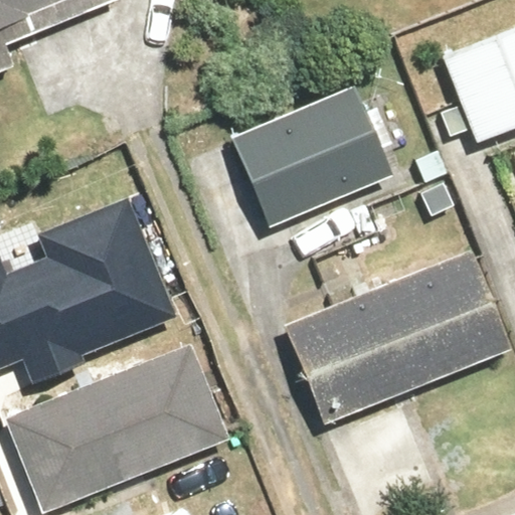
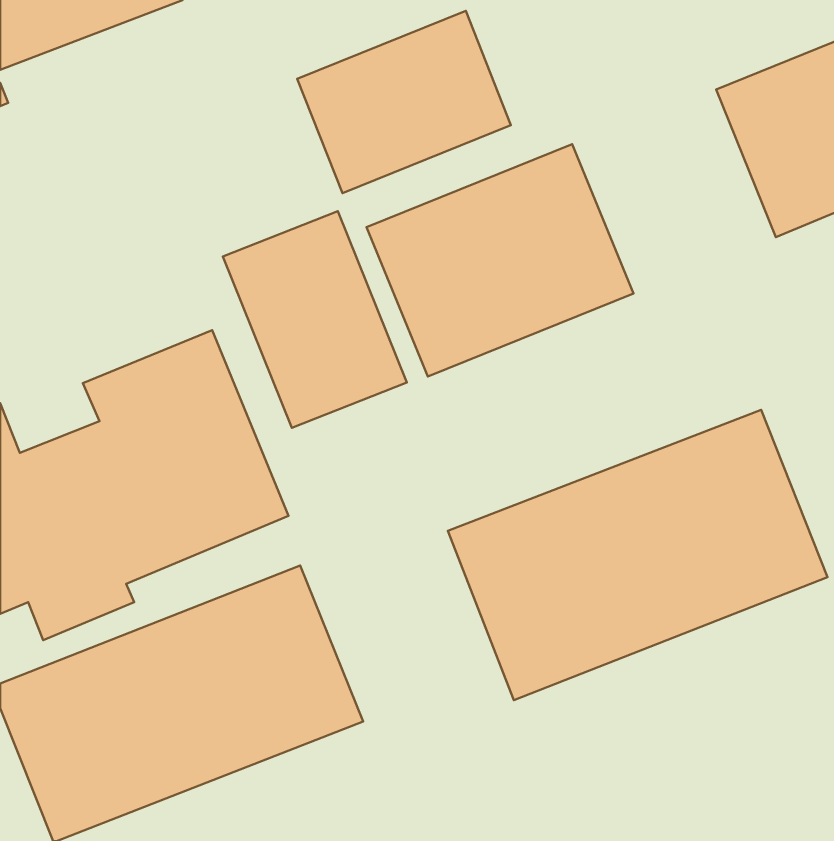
building: none -> [297,11,511,193]
building: none -> [223,211,407,428]

